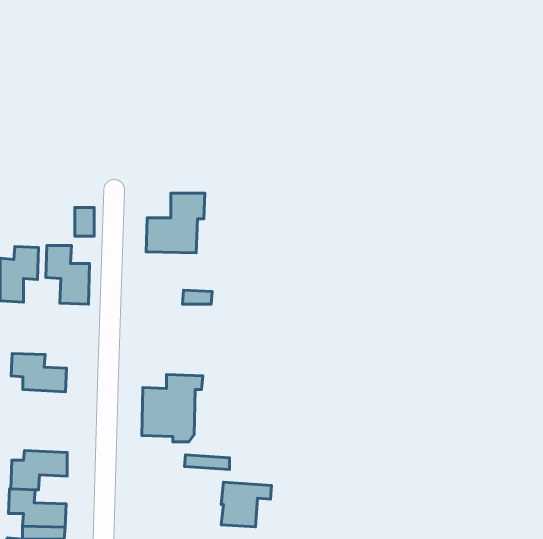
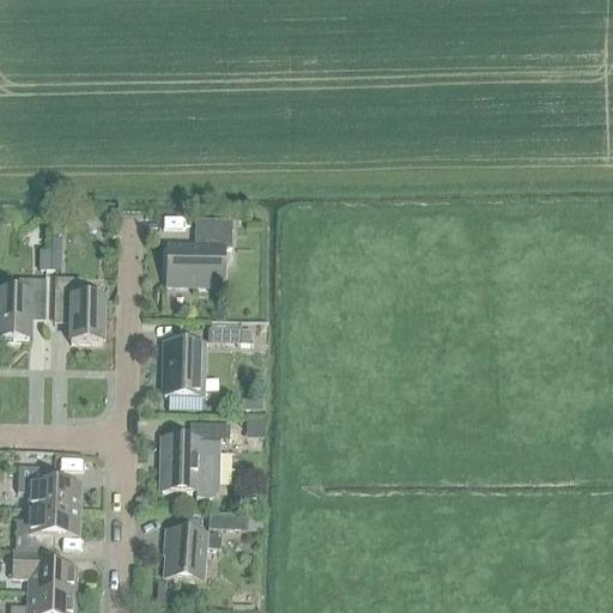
building: [75,207,94,236] -> [42,236,63,268]
building: none -> [164,339,202,394]
building: [11,353,67,392] -> [17,465,79,508]
building: [221,482,271,527] -> [164,528,220,578]

